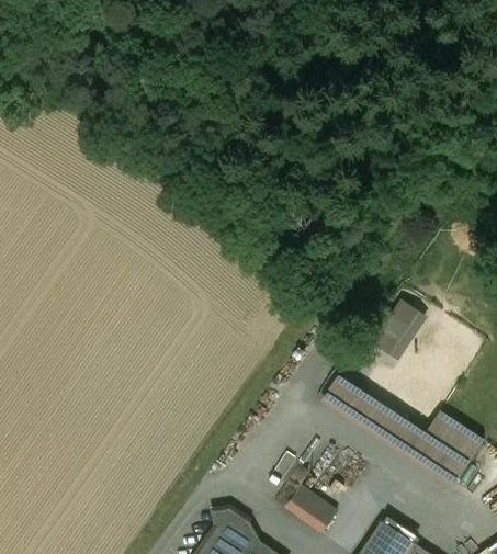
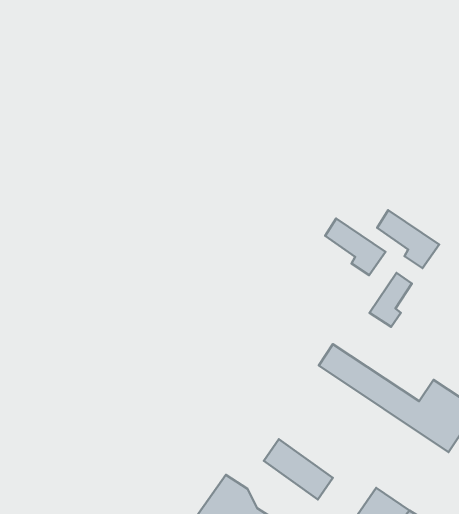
building: none -> [377,210,439,268]
building: none -> [325,218,386,275]

